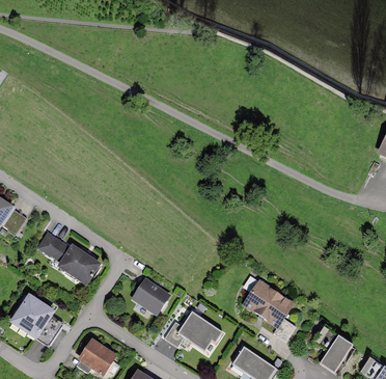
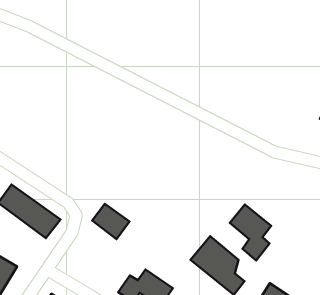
building: none -> [230,204,271,260]
building: [132,279,171,317] -> [92,204,129,239]

